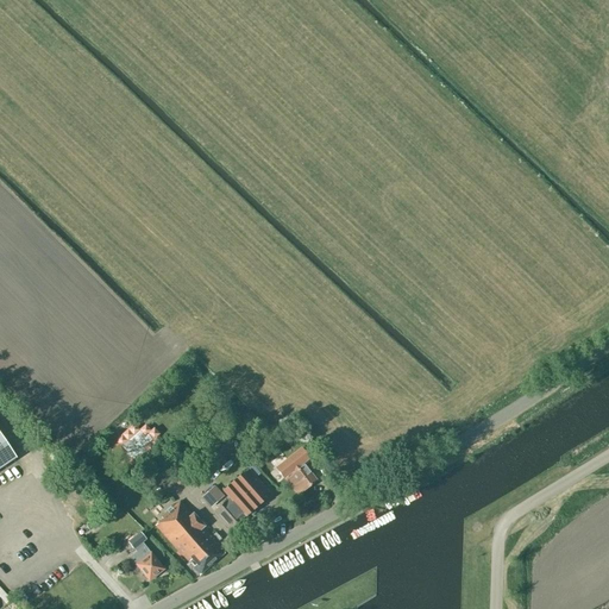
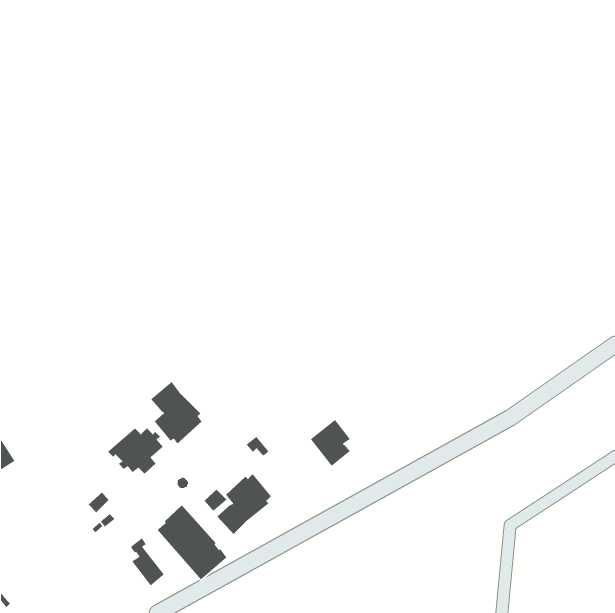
building: none -> [150,381,202,445]
building: [276,446,316,494] -> [310,419,351,467]

